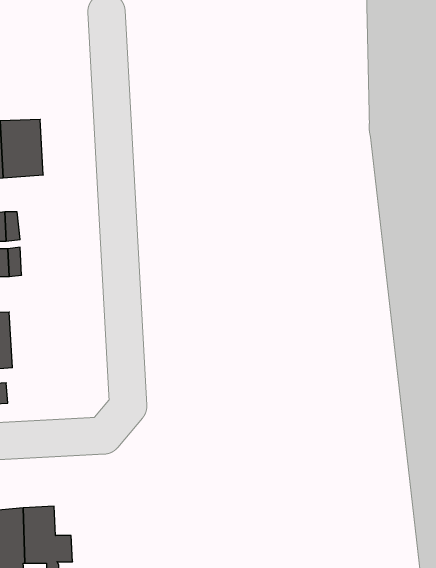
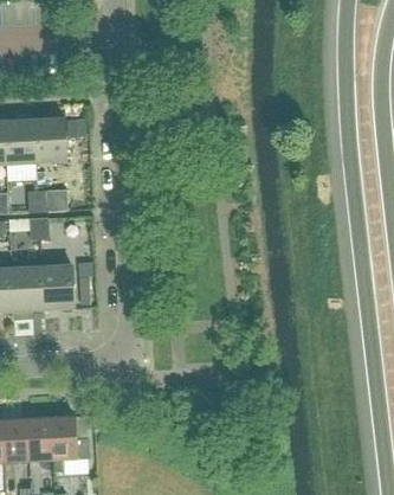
building: none -> [41,264,76,308]

